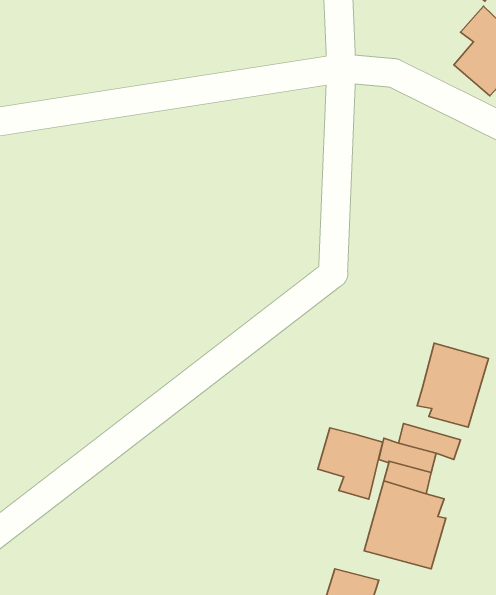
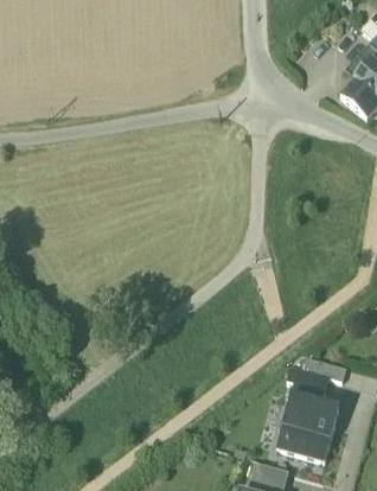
building: [417,343,488,427] -> none
building: [318,428,383,499] -> none

